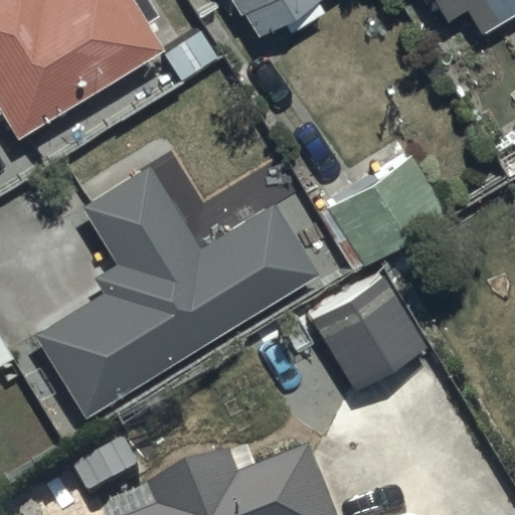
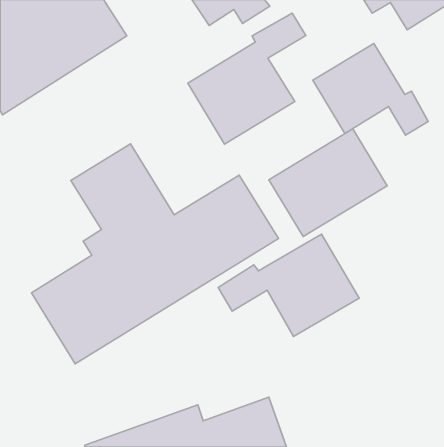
building: none -> [188,13,306,144]
building: none -> [313,43,428,135]

